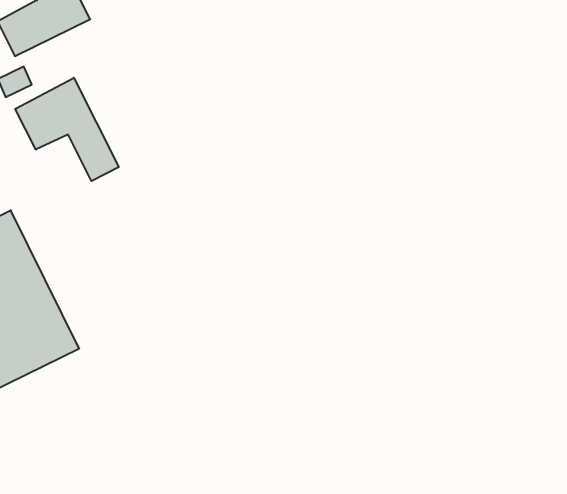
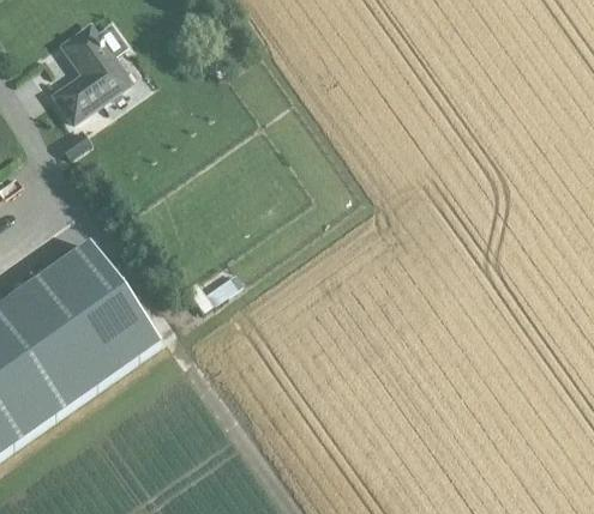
building: [15,78,119,181] -> none

